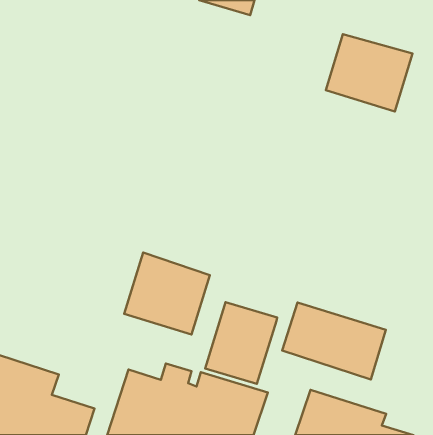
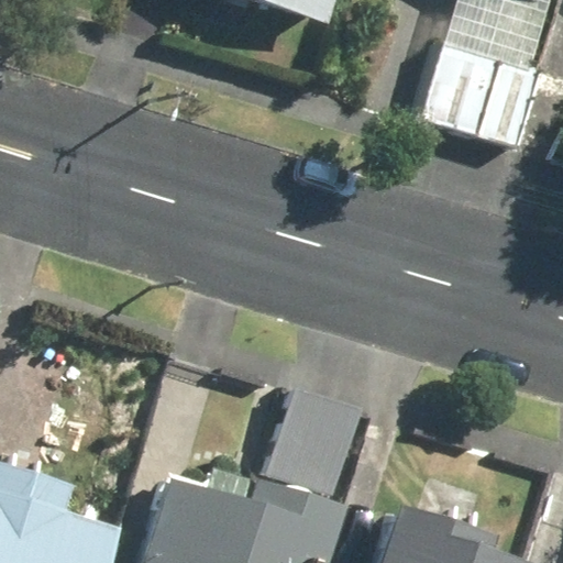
building: [124,253,210,335] -> none
building: [282,303,386,379] -> none

